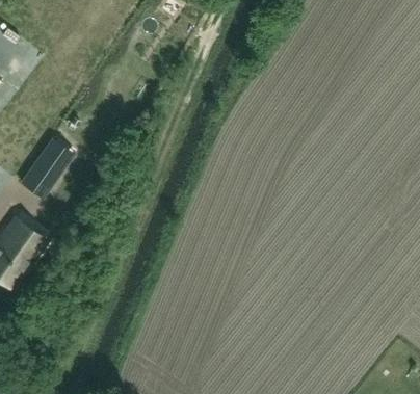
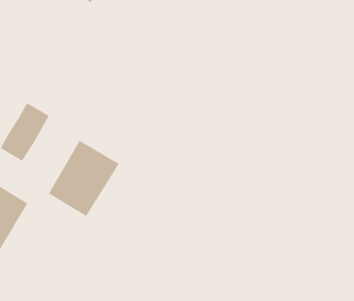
building: none -> [48,140,119,217]

